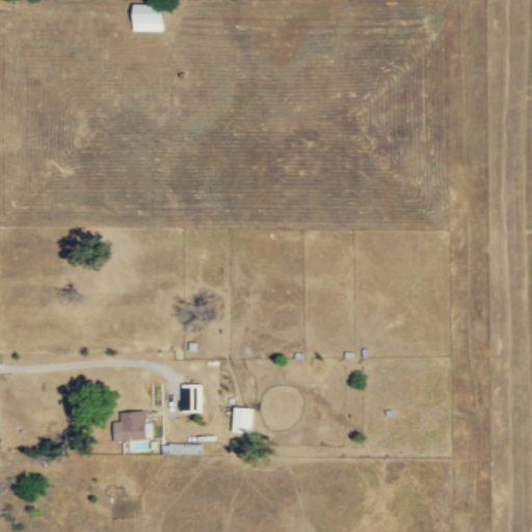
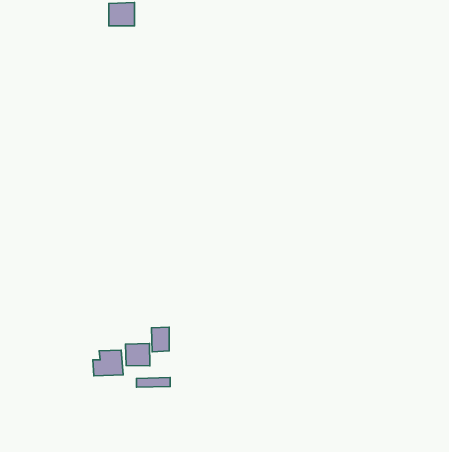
building: none -> [126,344,150,366]
building: [232,407,251,434] -> none

